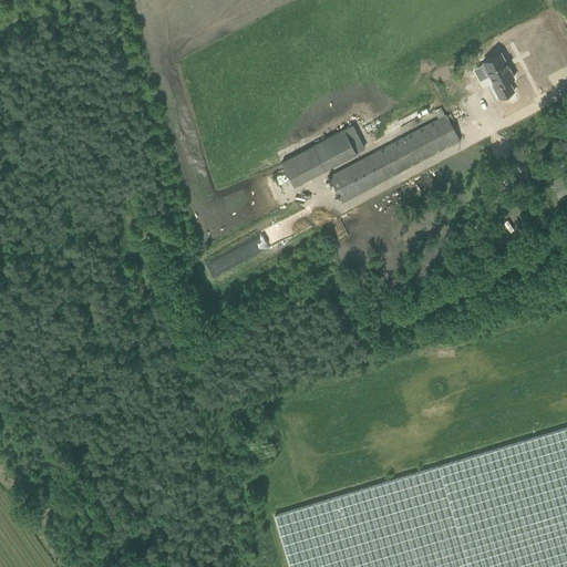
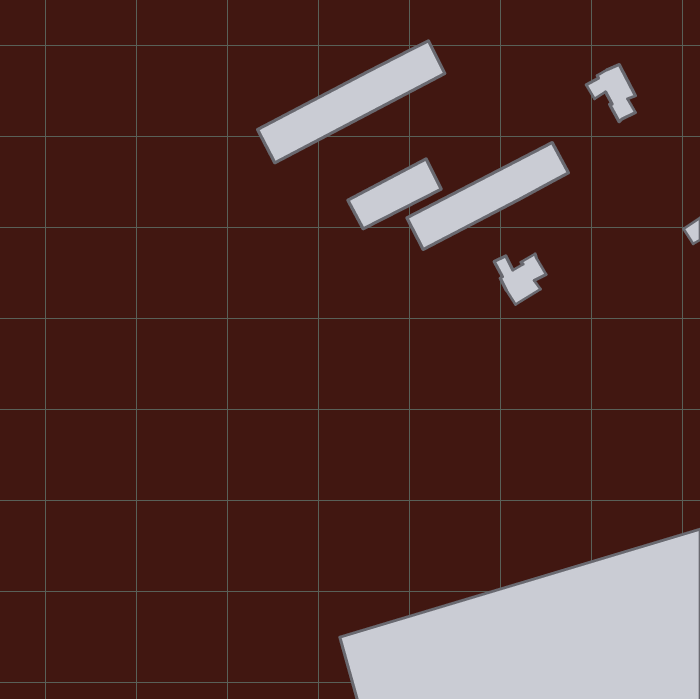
building: none -> [257,41,445,163]
building: none -> [494,254,546,305]

